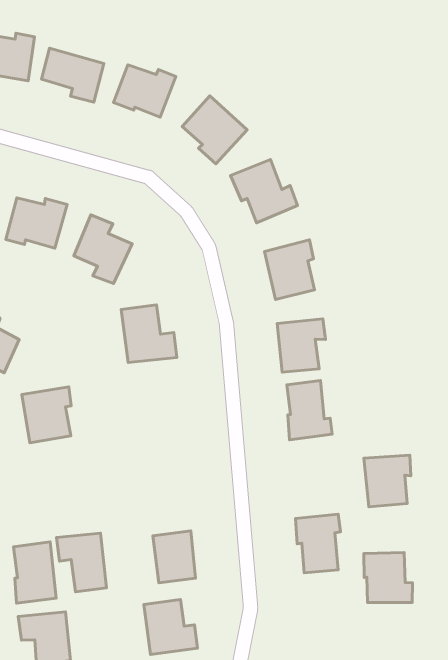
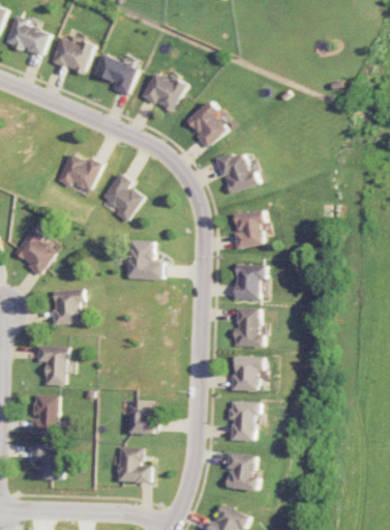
building: [364,455,411,507] -> [232,355,265,390]
building: [56,533,106,592] -> [36,345,67,384]
building: [364,553,413,602] -> [227,452,260,491]

